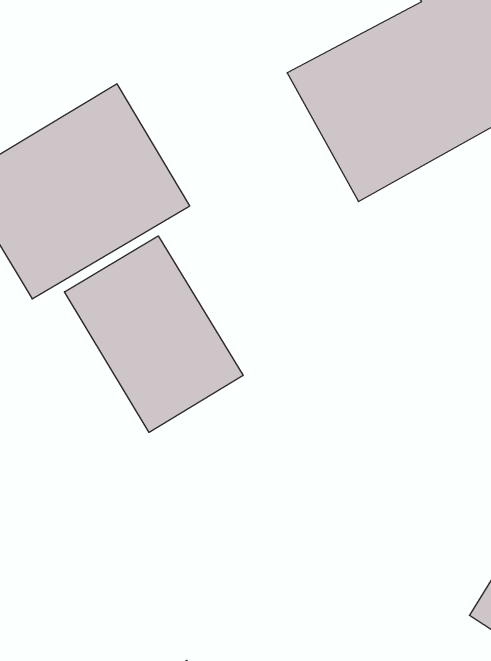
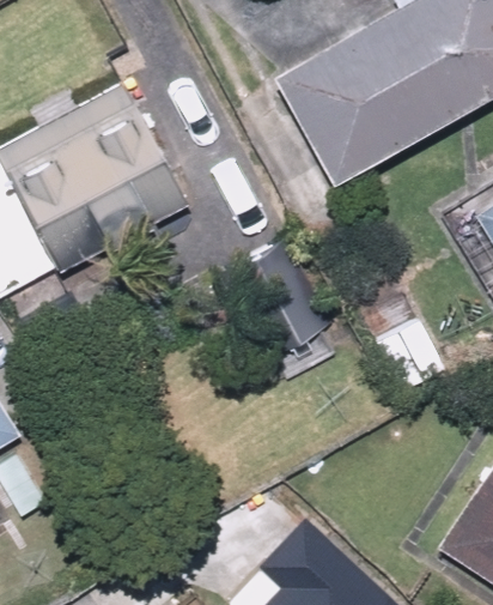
building: [64,236,243,432] -> none

